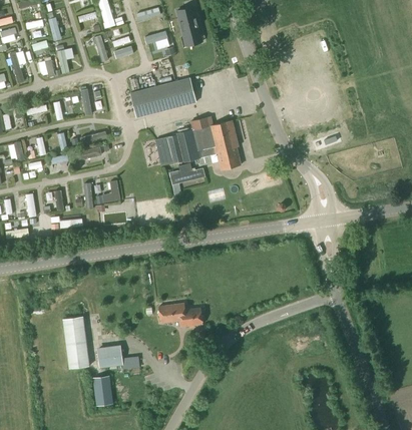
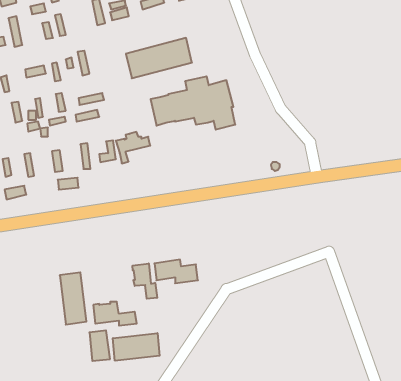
building: [168,162,203,194] -> [116,132,150,163]
building: none -> [133,263,157,299]
building: none -> [113,333,160,361]

